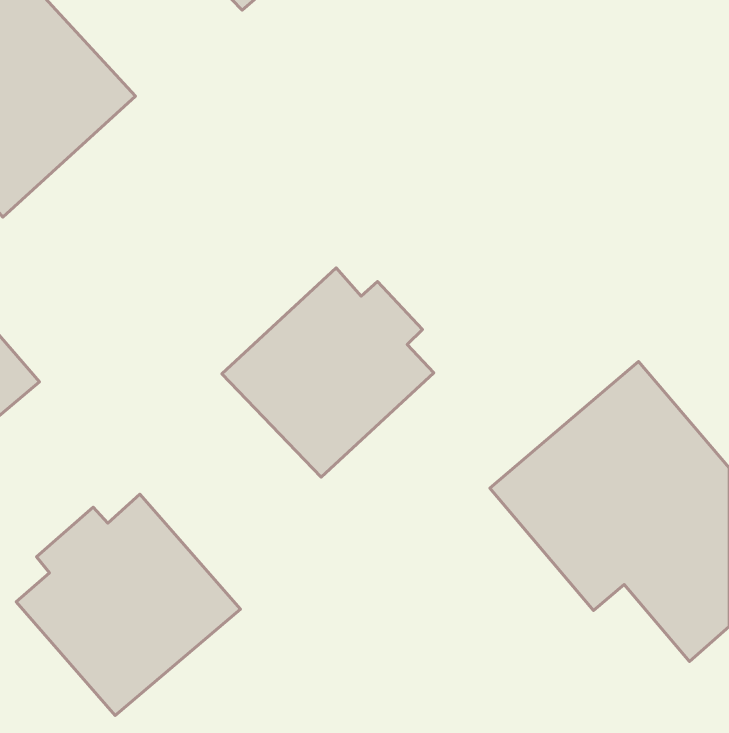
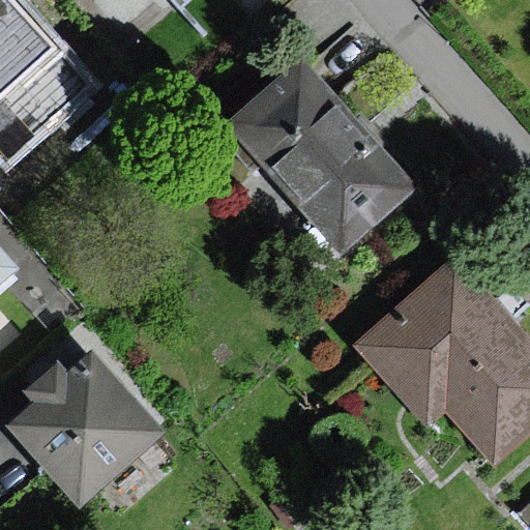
building: none -> [225,58,402,238]
building: [222,268,434,477] -> none

